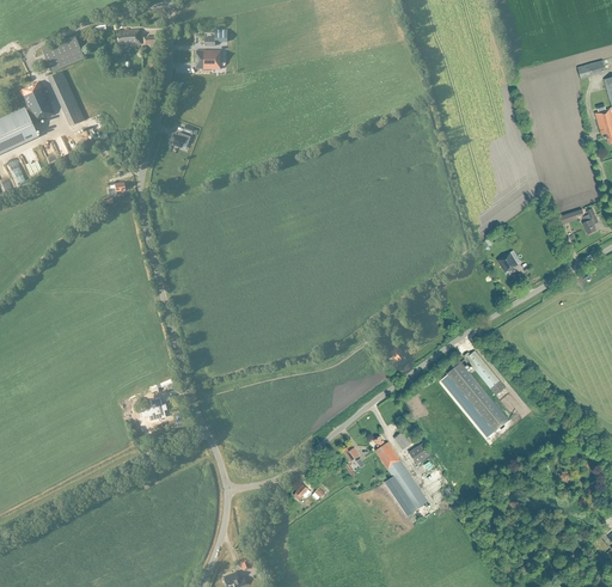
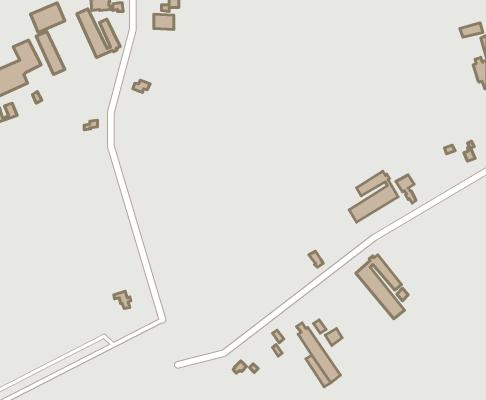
building: none -> [77,9,120,57]
building: none -> [349,171,398,222]

